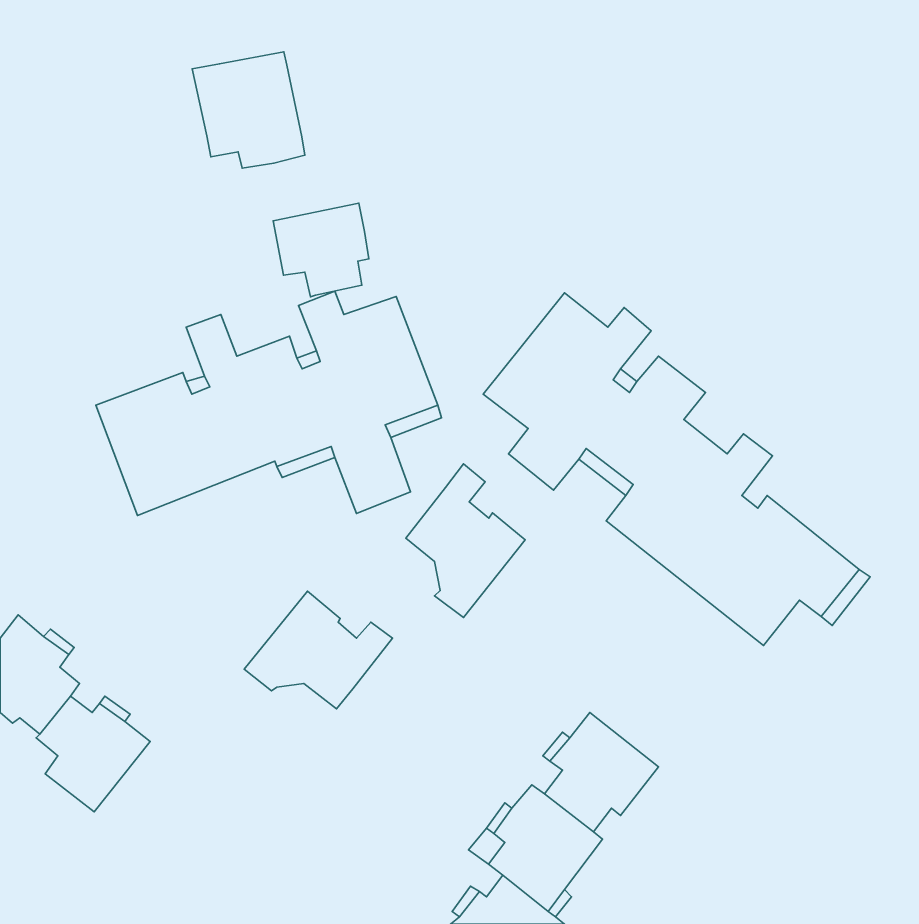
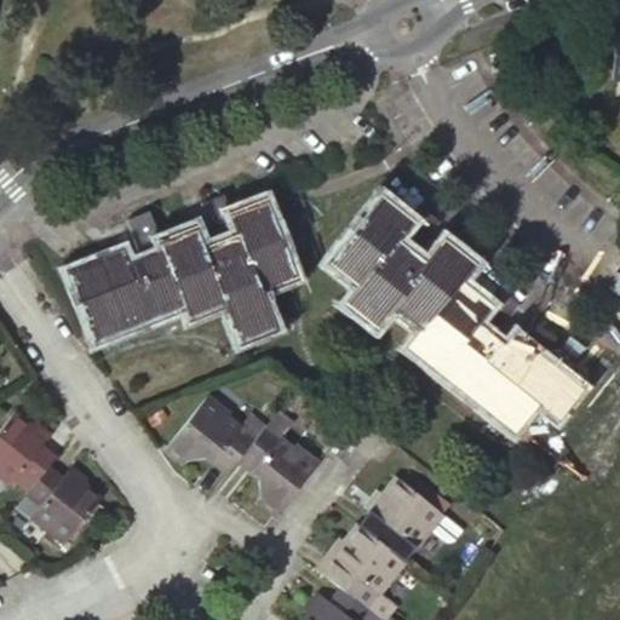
building: [192,52,305,168] -> none
building: [273,203,369,297] -> none
building: [406,464,525,618] -> [240,412,320,515]

